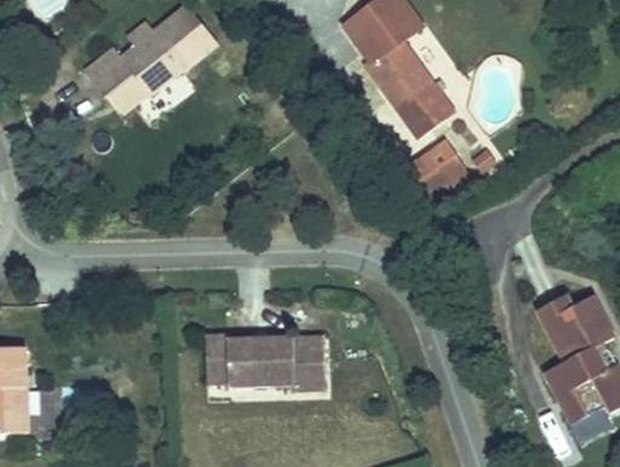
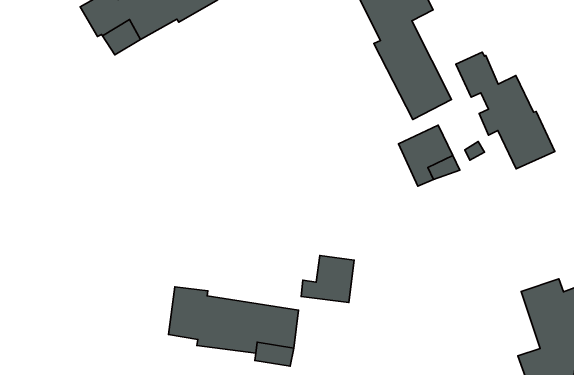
building: none -> [456,52,555,169]
building: none -> [301,255,354,302]

